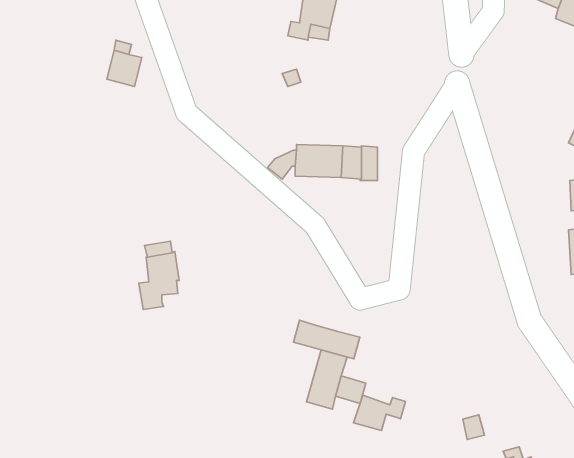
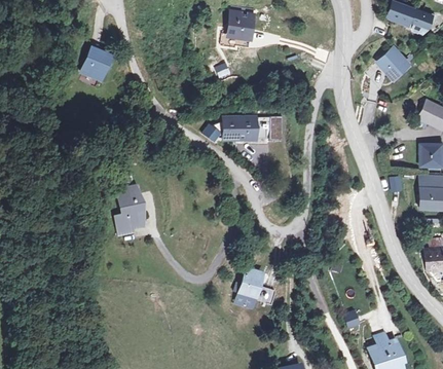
building: none -> [381,49,409,79]
building: [293,320,360,359] -> none
building: [353,395,406,431] -> none

